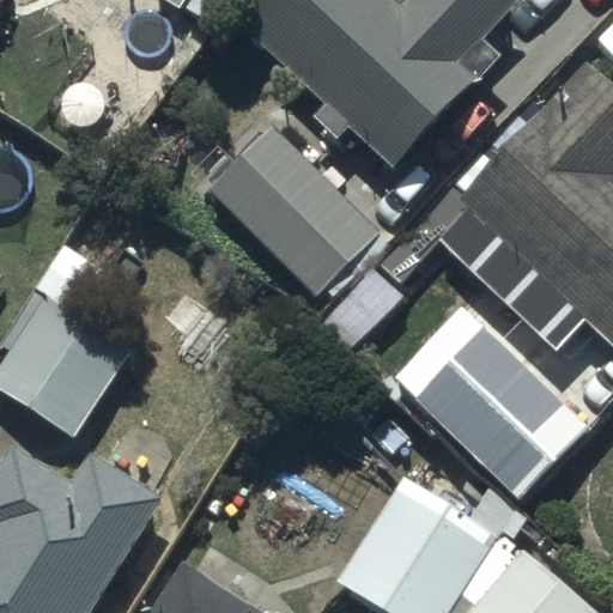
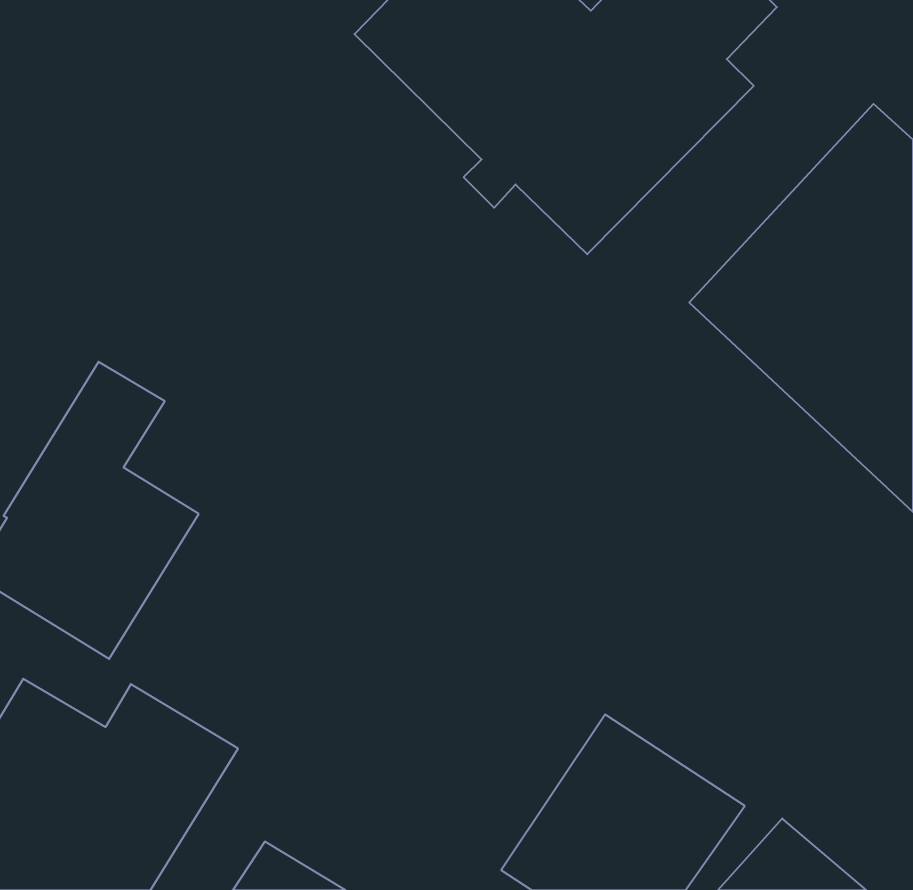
building: [202,126,384,310] -> none
building: [415,312,588,484] -> none

